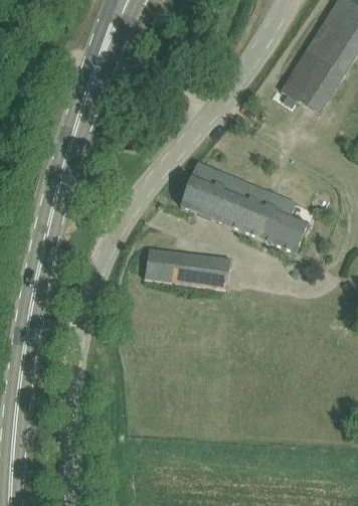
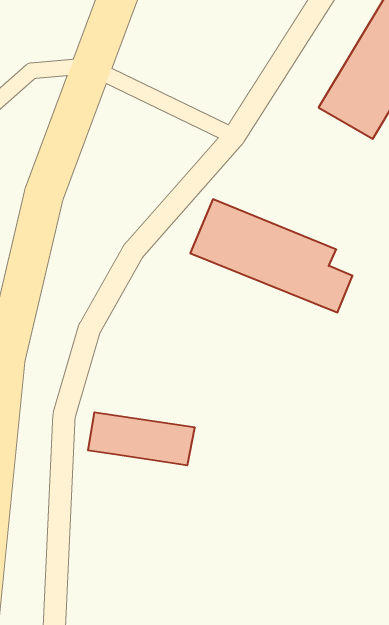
building: [143,247,228,290] -> [88,412,195,465]

